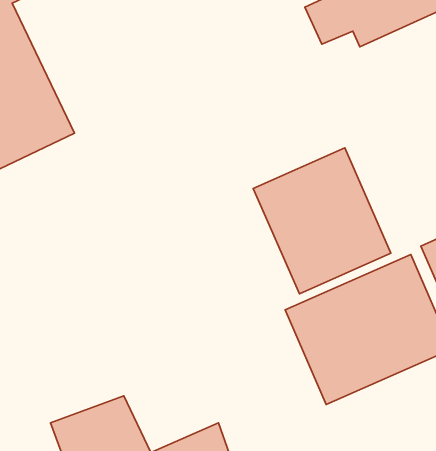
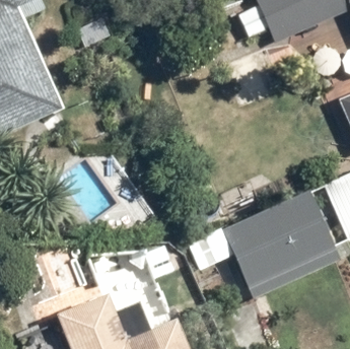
building: [253,148,391,294] -> none

